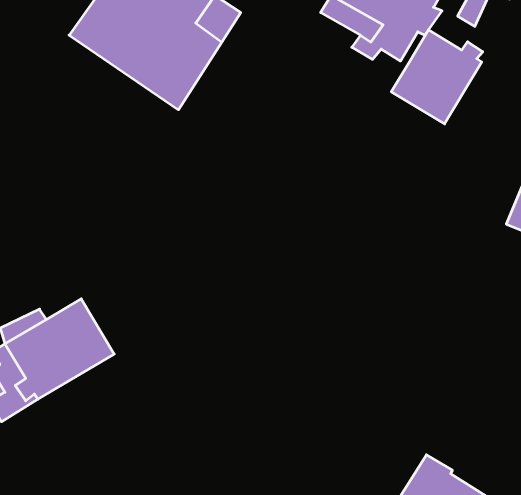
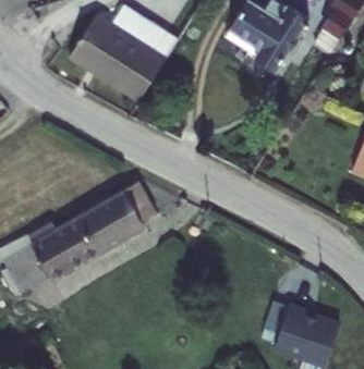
building: [391,30,483,124] -> none
building: none -> [80,180,158,251]

